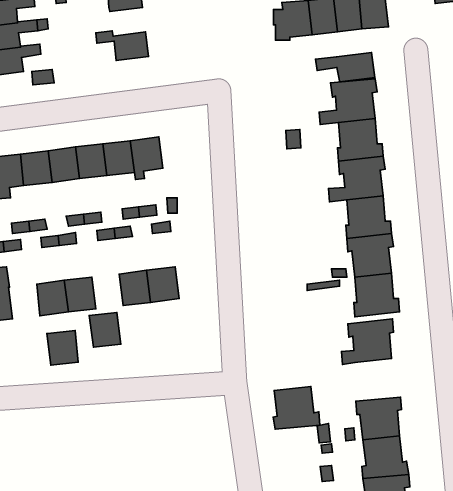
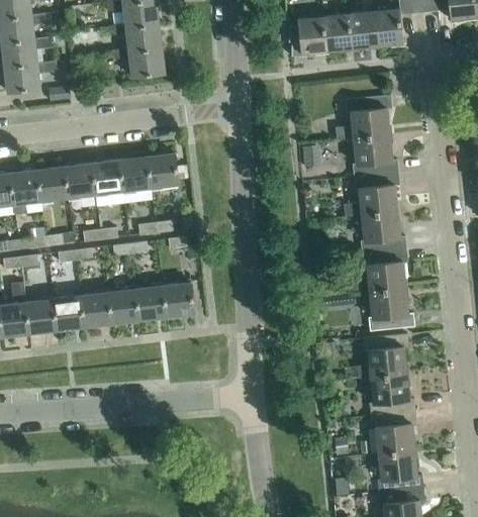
building: none -> [109,24,162,53]
building: [315,52,375,82] -> none
building: [89,313,121,347] -> [108,289,139,323]
building: [47,331,78,365] -> [25,299,57,333]
building: [273,387,320,429] -> [369,373,415,415]

